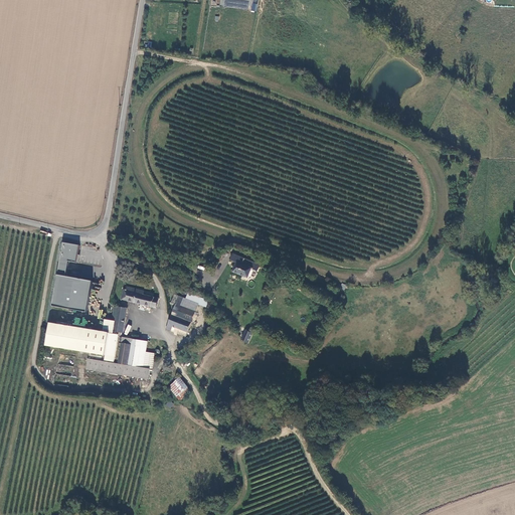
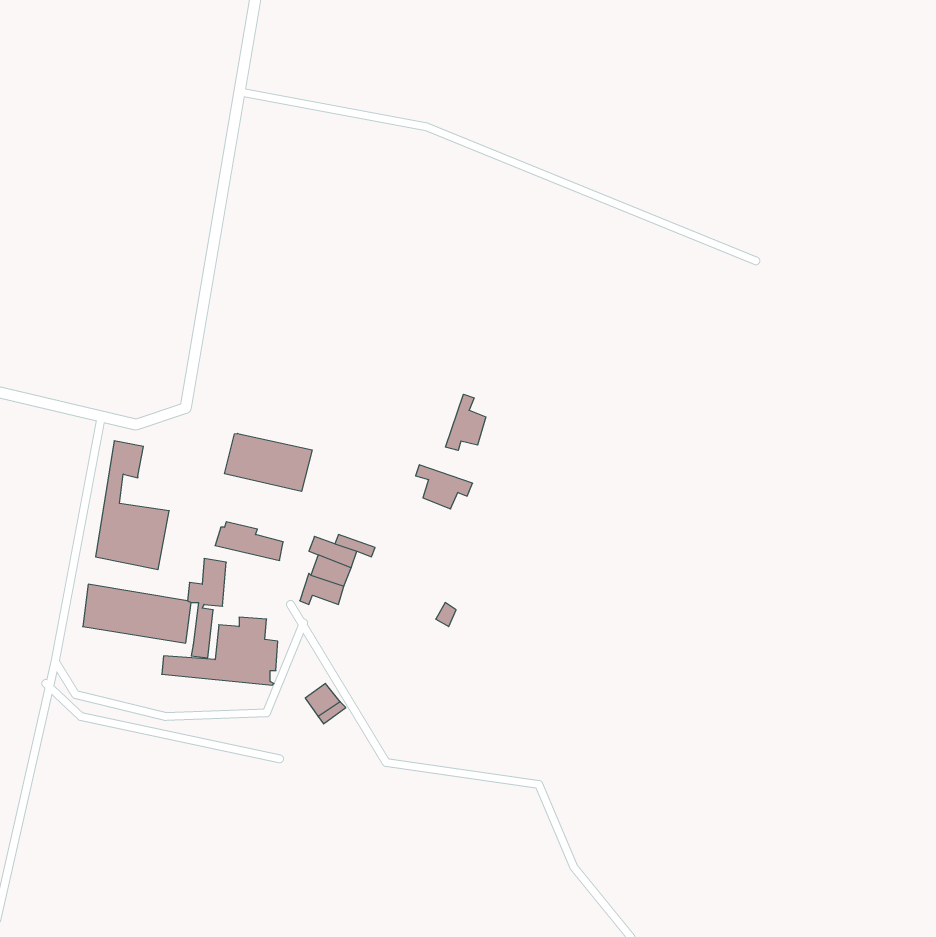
building: none -> [445,394,486,450]
building: none -> [225,433,312,491]

